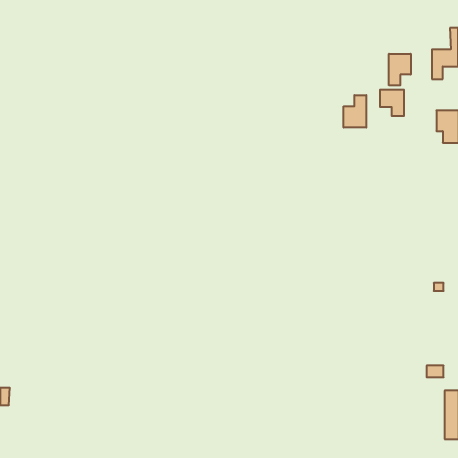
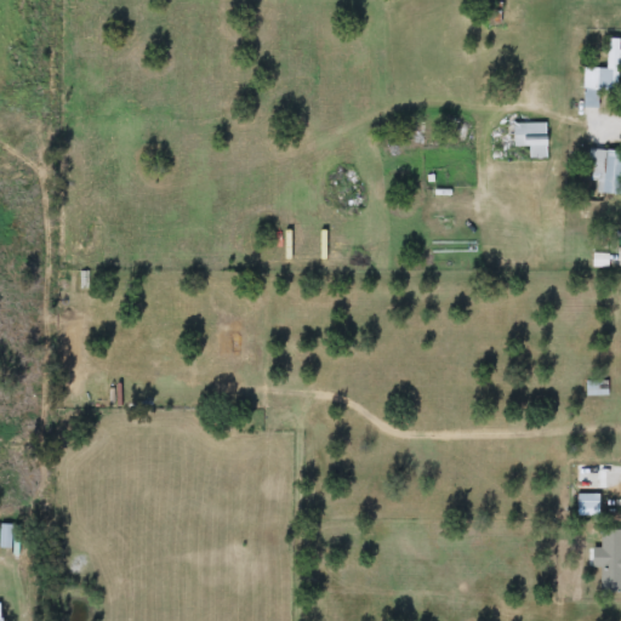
building: [389,54,411,85] -> none
building: [344,95,366,128] -> none

